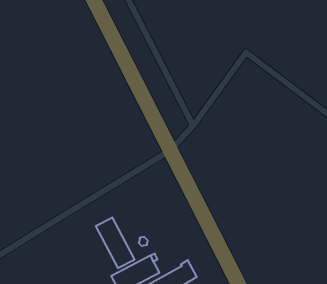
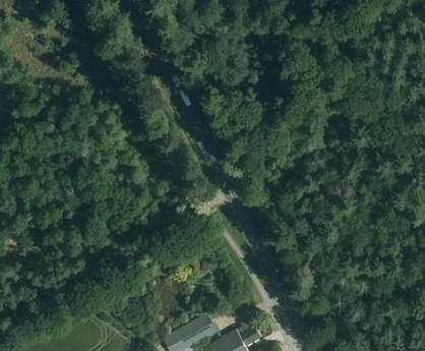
building: [96,217,135,268] -> none

